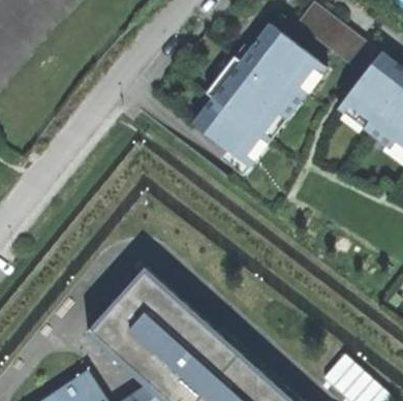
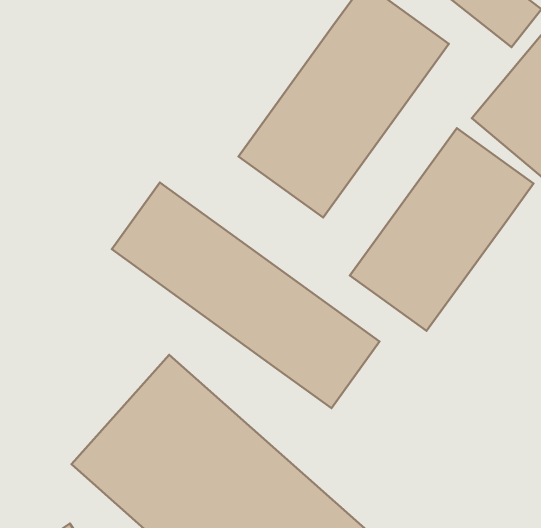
building: none -> [350,128,533,331]
building: none -> [112,182,379,408]

